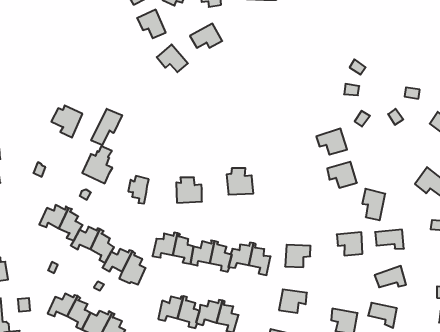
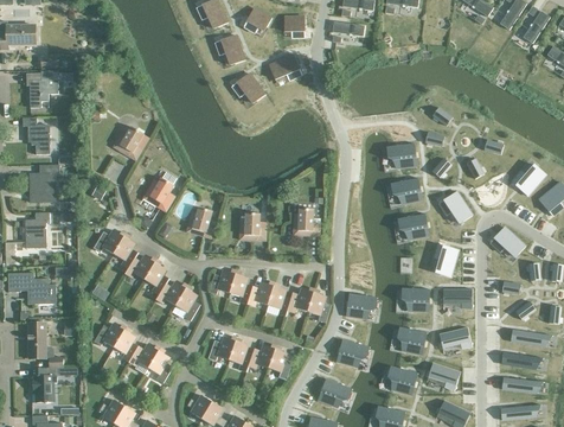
building: none -> [387,142,416,167]
building: [91,109,122,145] -> none
building: none -> [437,191,470,223]
building: none -> [399,326,427,353]

